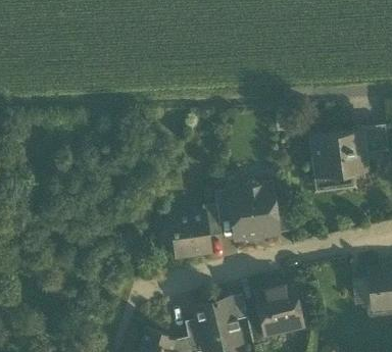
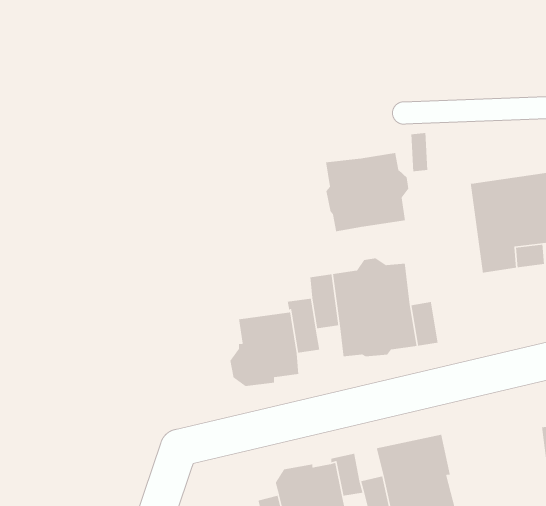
building: none -> [325,152,409,232]

